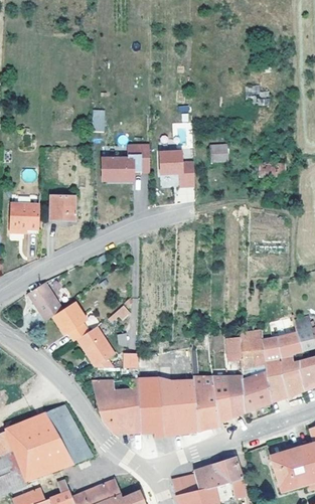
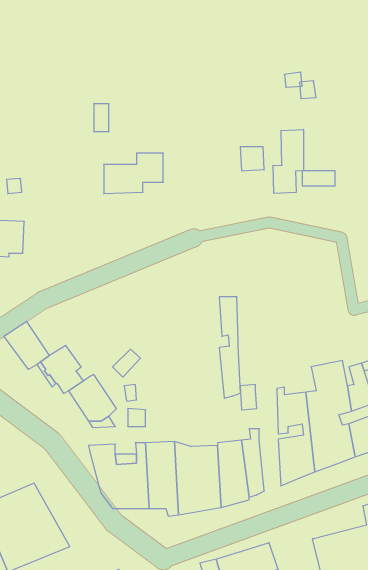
building: none -> [273,129,303,193]
building: [159,148,195,184] -> none
building: [51,194,76,219] -> none
building: [226,337,244,417] -> [219,297,241,398]
building: [47,403,95,462] -> none

